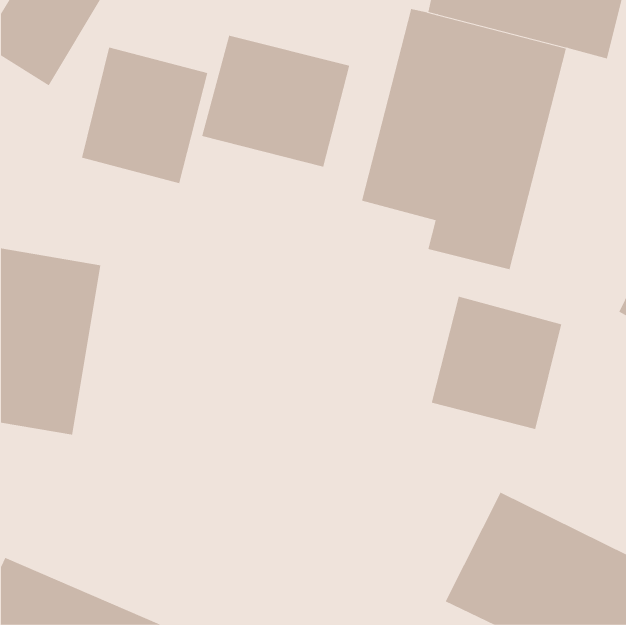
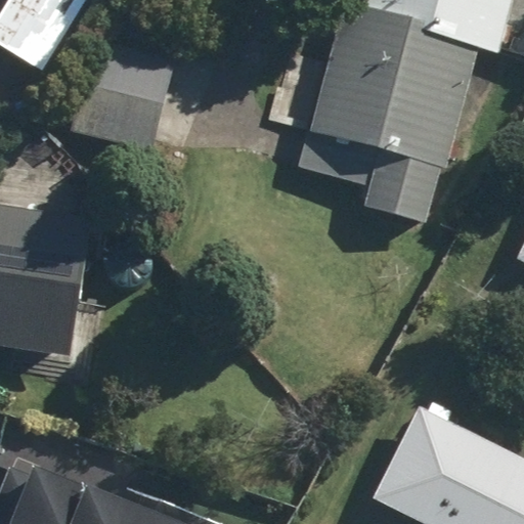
building: [201,35,350,167] -> none
building: [431,296,562,430] -> none

